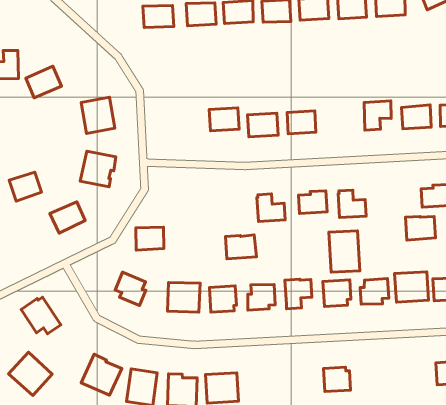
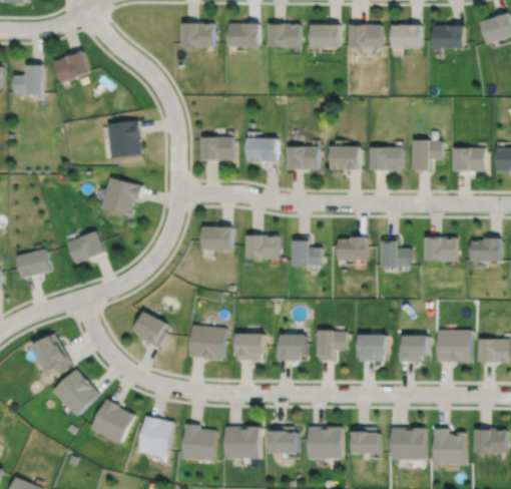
building: [26,66,61,98] -> [52,50,90,83]
building: none -> [201,139,232,162]
building: none -> [370,149,402,172]
building: [9,172,41,201] -> [16,250,50,280]
building: [405,216,435,240] -> [424,235,455,261]
building: [136,227,164,250] -> [200,224,231,249]
building: [329,231,360,272] -> none
building: [226,235,256,259] -> [245,233,278,258]
building: [9,352,52,396] -> [51,369,98,416]
building: none -> [433,429,466,466]
building: none -> [391,428,426,460]
building: none -> [308,427,342,459]
building: none -> [270,427,298,453]

